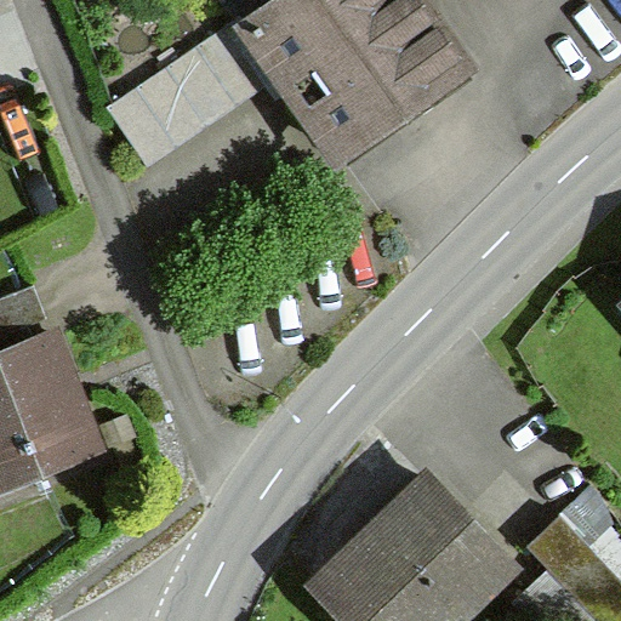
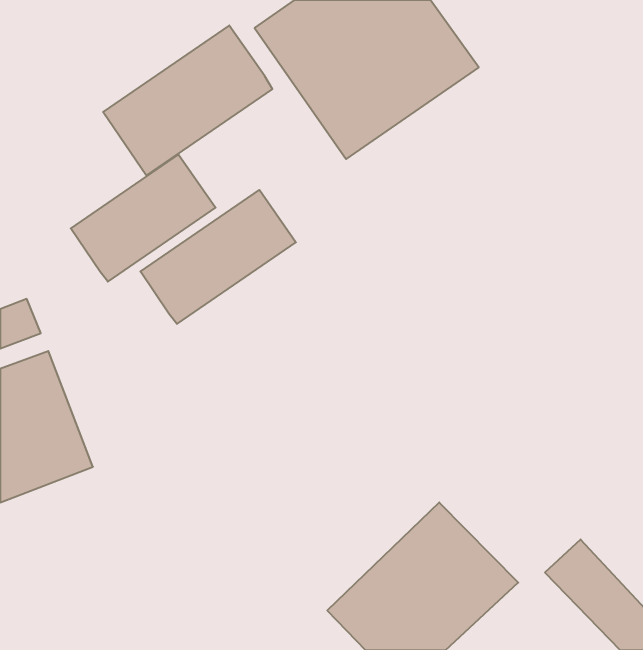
building: none -> [71,154,216,282]
building: none -> [140,190,296,324]

